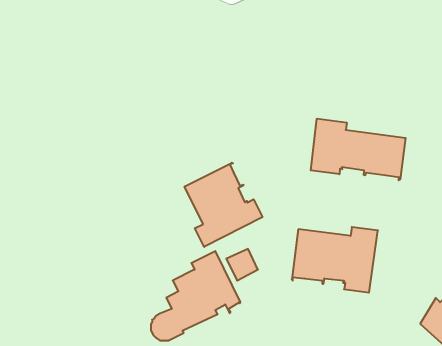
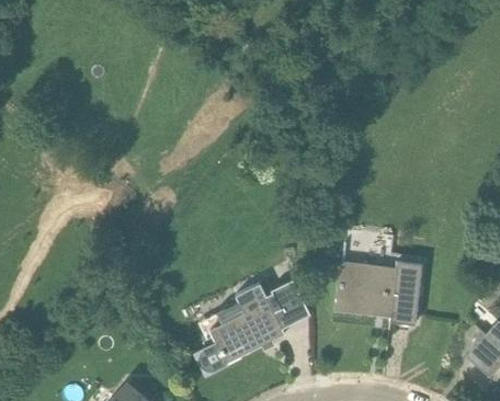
building: [311,119,406,180] -> none
building: [185,163,262,247] -> none

